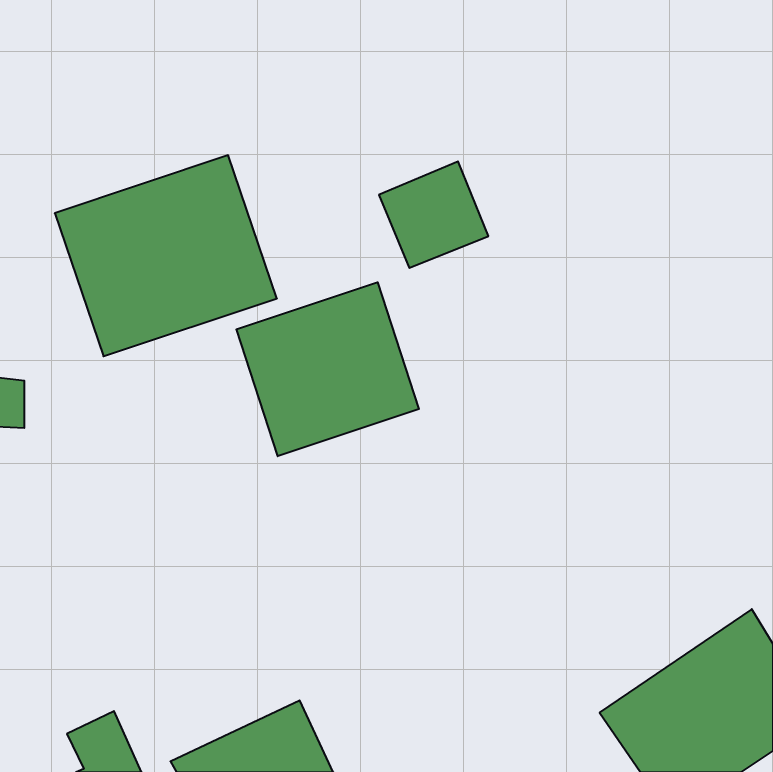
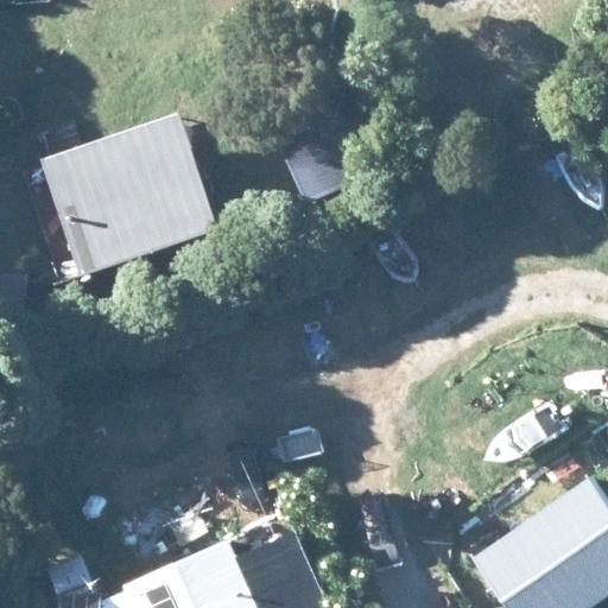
building: [236,282,419,456] -> none

